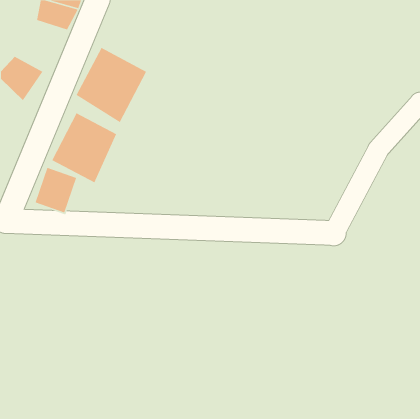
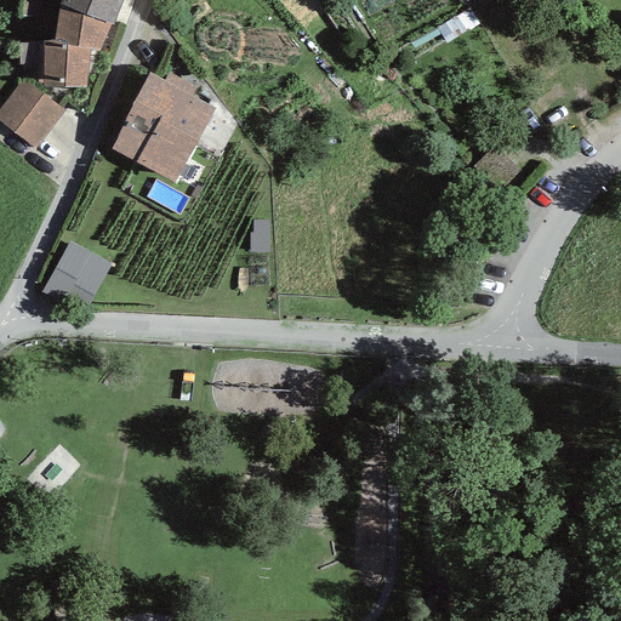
building: none -> [42,30,89,81]
building: [51,112,117,184] -> none

